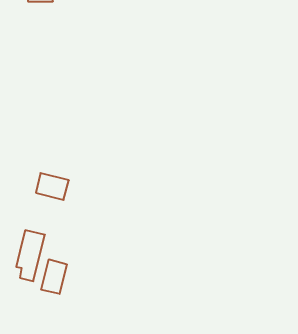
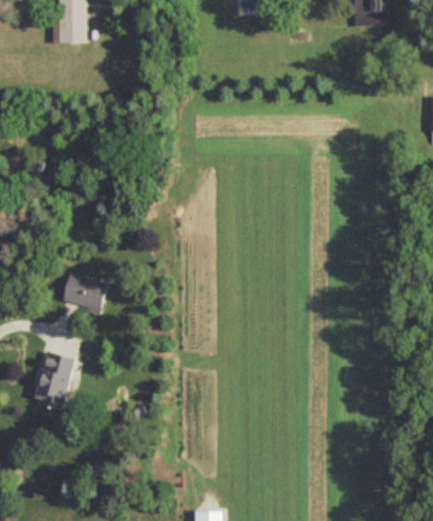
building: [41,259,67,294] -> none

